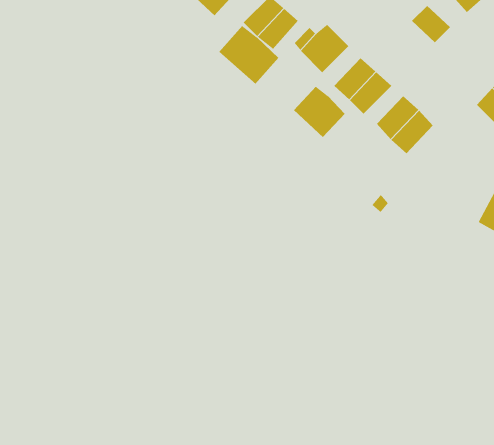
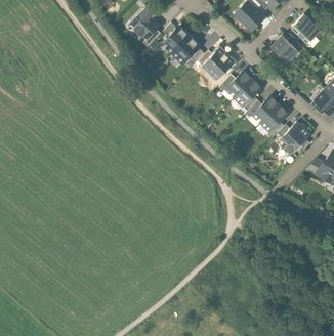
building: [218,25,279,85] -> none
building: [293,86,346,138] -> none
building: none -> [280,123,310,154]

